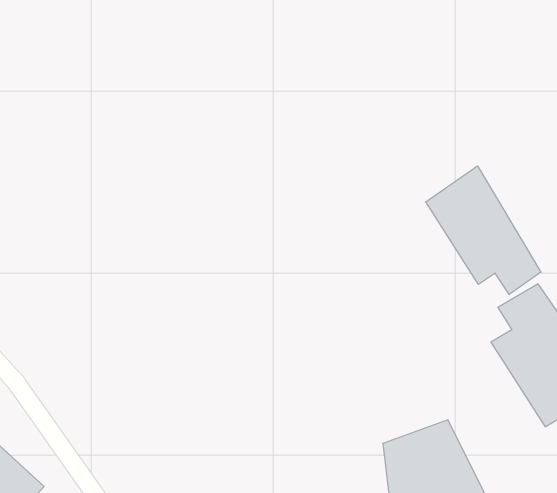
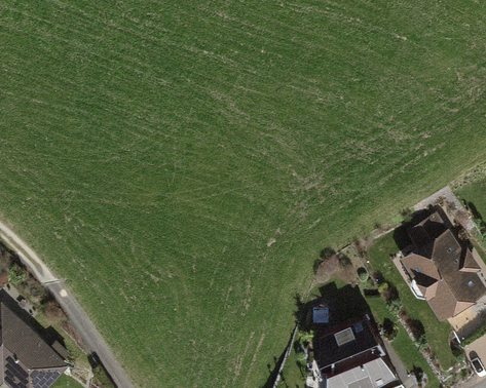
building: [426,166,541,295] -> none

